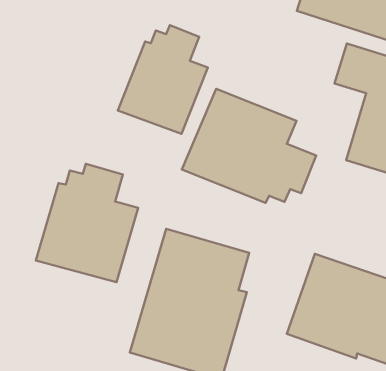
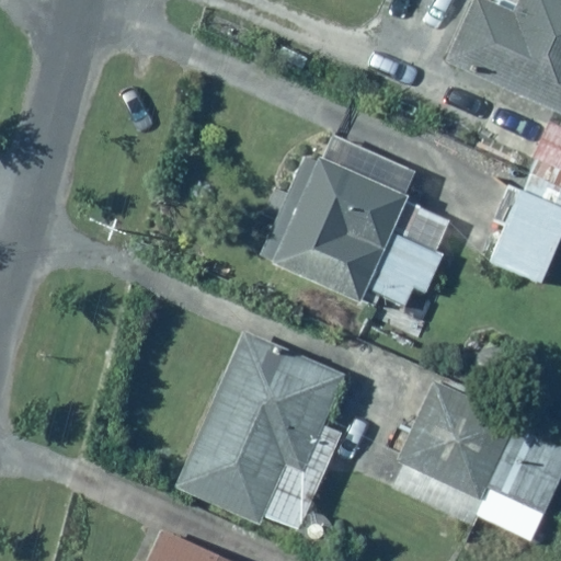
building: [118,25,208,134] -> none
building: [36,164,138,282] -> none

